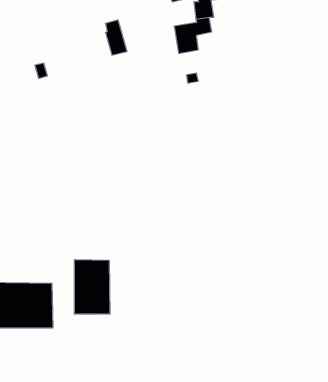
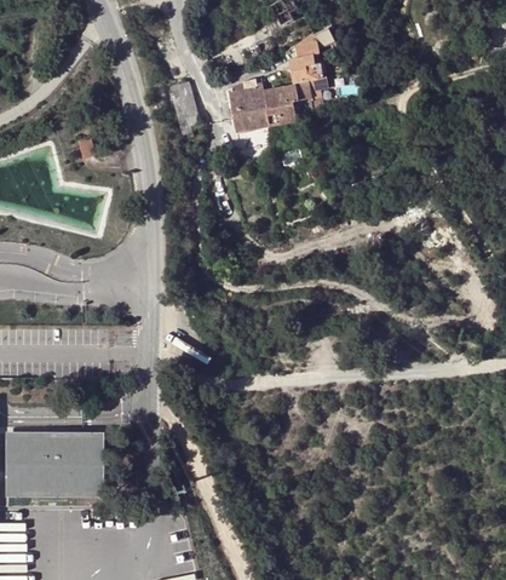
building: none -> [229,77,269,131]
building: [75,259,110,314] -> none

